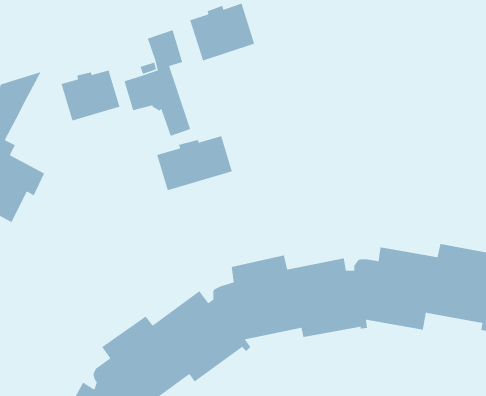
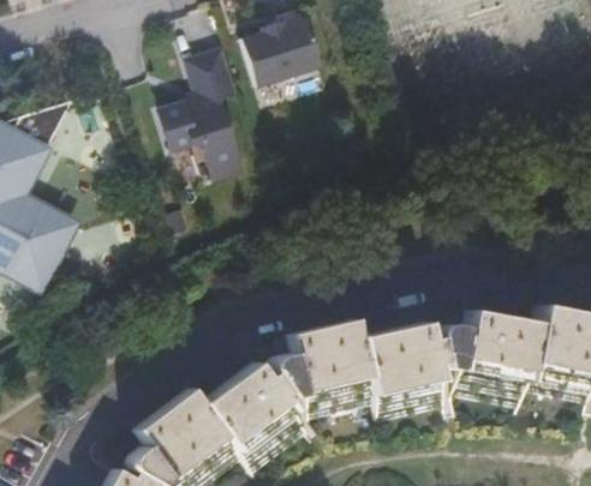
building: [60,69,120,121] -> none
building: [156,135,233,191] -> none

